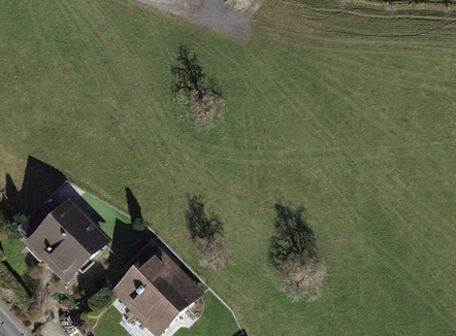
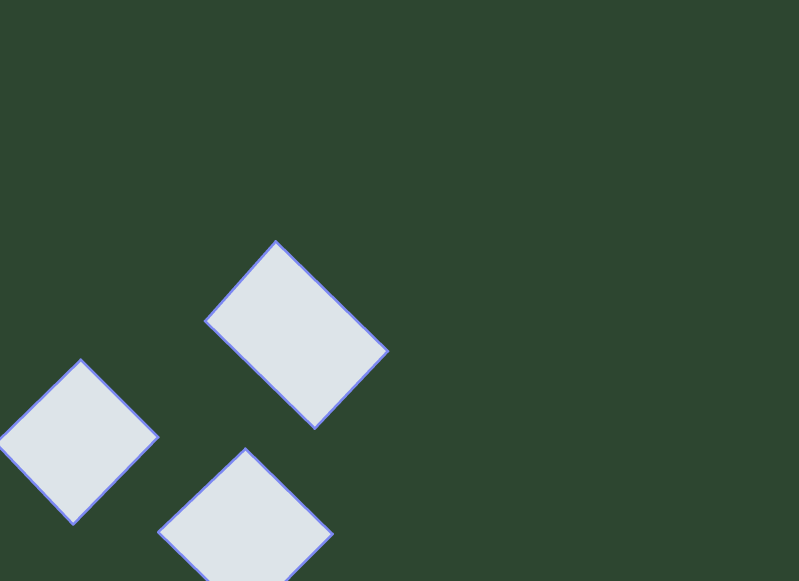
building: none -> [205,241,388,429]

